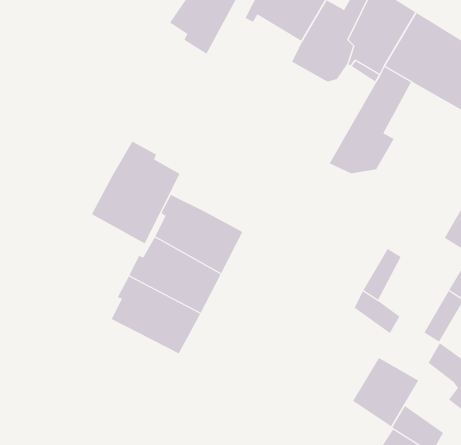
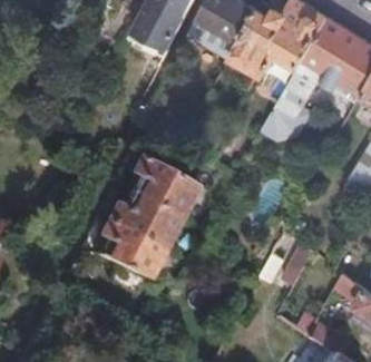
building: [91,141,180,244] -> none

